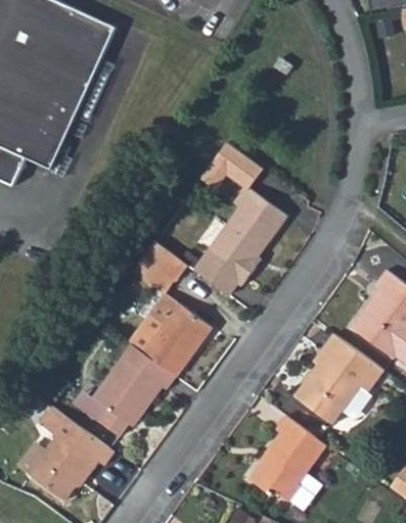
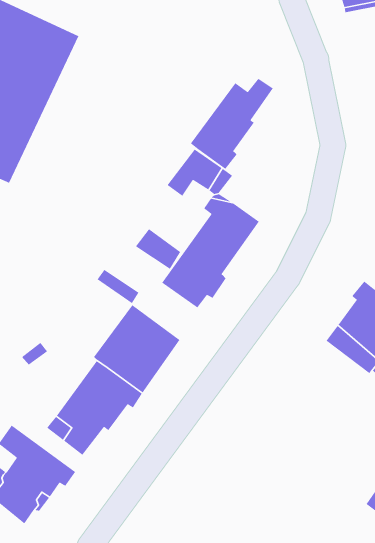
building: none -> [190,78,274,170]
building: [140,240,184,280] -> [135,228,181,270]
building: [290,332,379,423] -> none
building: [245,413,323,501] -> none

